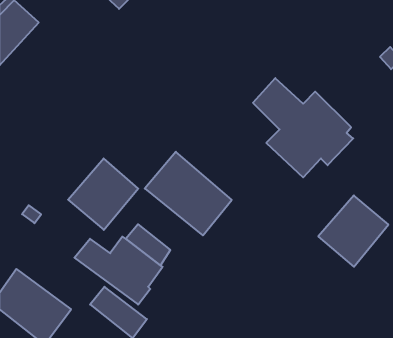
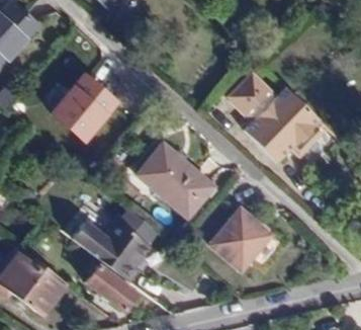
building: [68,158,138,230] -> [51,75,114,140]
building: [318,195,388,267] -> [208,208,272,272]

